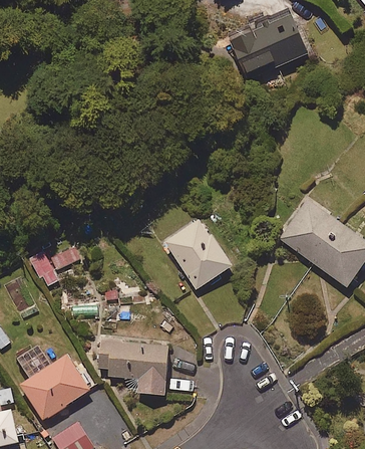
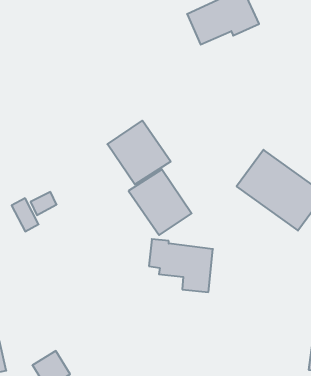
building: none -> [107,121,171,184]
building: [100,335,171,395] -> [149,239,213,292]
building: [21,353,92,420] -> none

